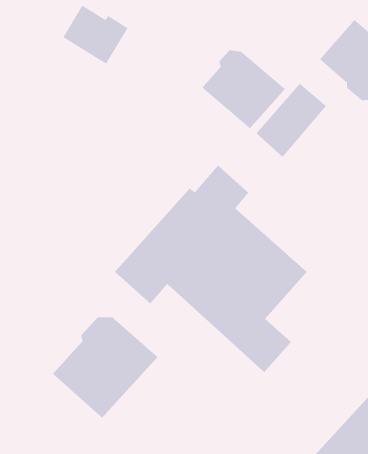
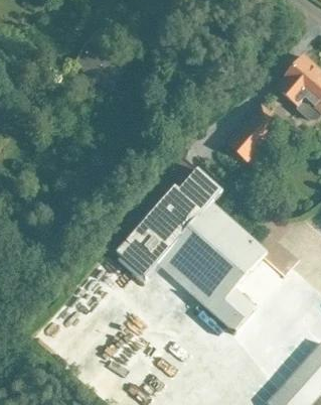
building: [201,49,286,129] -> none
building: [52,317,158,418] -> none

